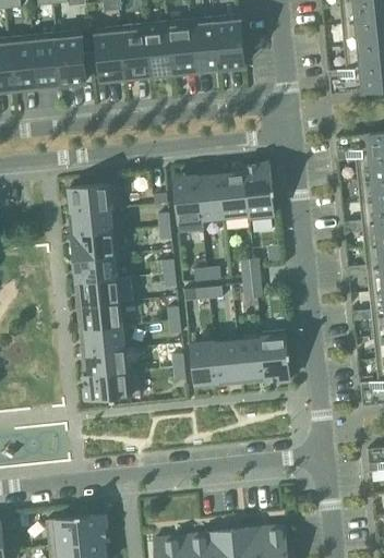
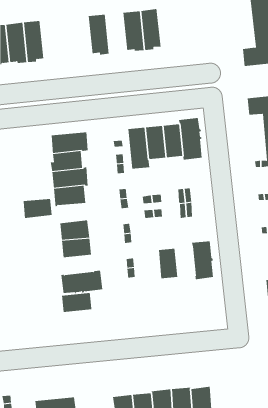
building: [215,14,245,70] -> none
building: [145,22,173,77] -> none
building: [92,26,127,83] -> none
building: [57,31,86,86] -> none
building: [81,279,121,306] -> [23,198,53,219]
building: [239,338,266,379] -> none
building: [191,342,219,385] -> none
building: [87,349,129,376] -> [61,292,92,313]
building: [47,514,108,546] -> none

